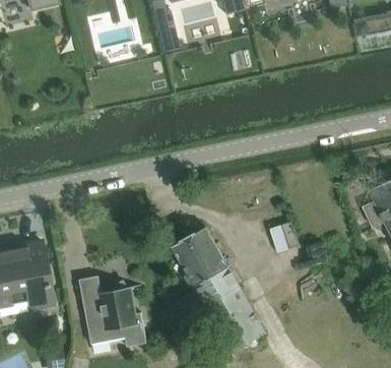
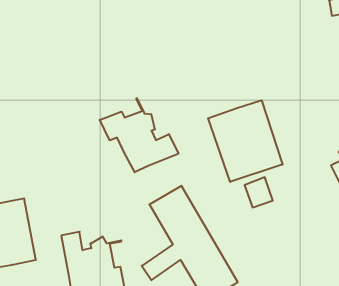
building: none -> [100,98,178,172]
building: none -> [208,100,283,182]

